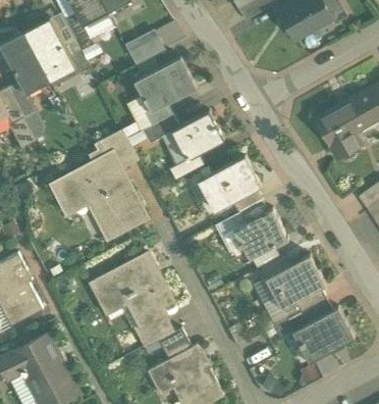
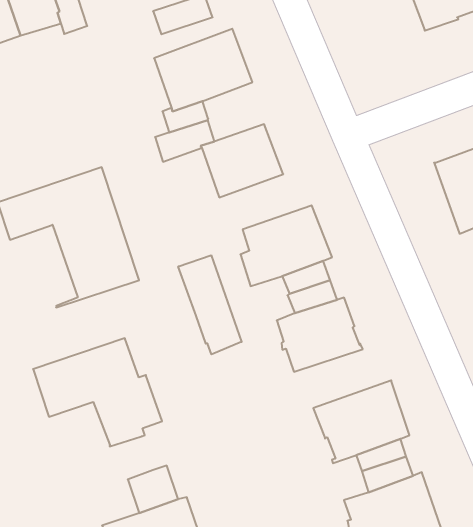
building: [107,130,138,168] -> none
building: none -> [178,255,242,354]
building: [132,314,172,349] -> none

